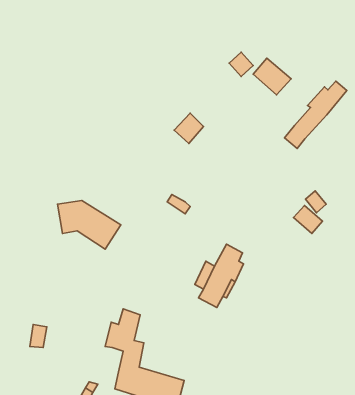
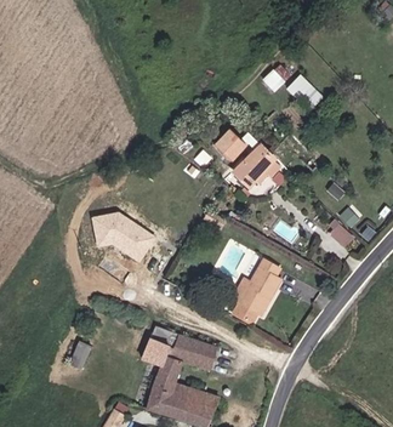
building: [284,81,347,149] -> none
building: none -> [232,147,281,189]
building: none -> [170,330,217,368]

